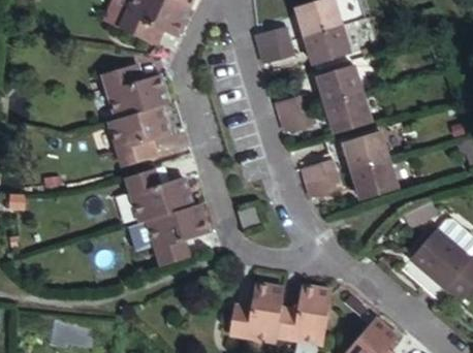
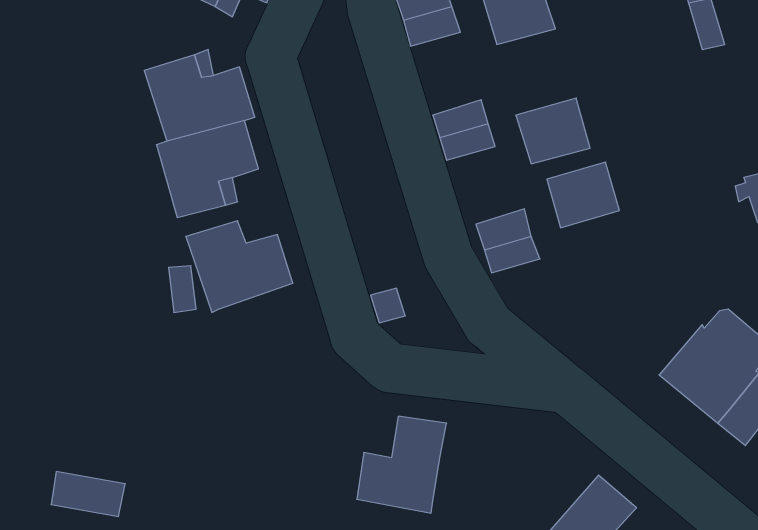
building: [318,66,361,104] -> none
building: [352,161,396,199] -> none
building: [148,203,209,263] -> none
building: [276,286,330,343] -> none

